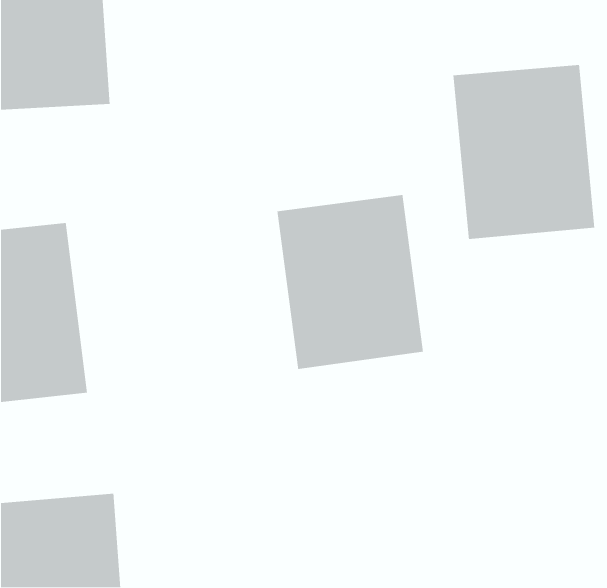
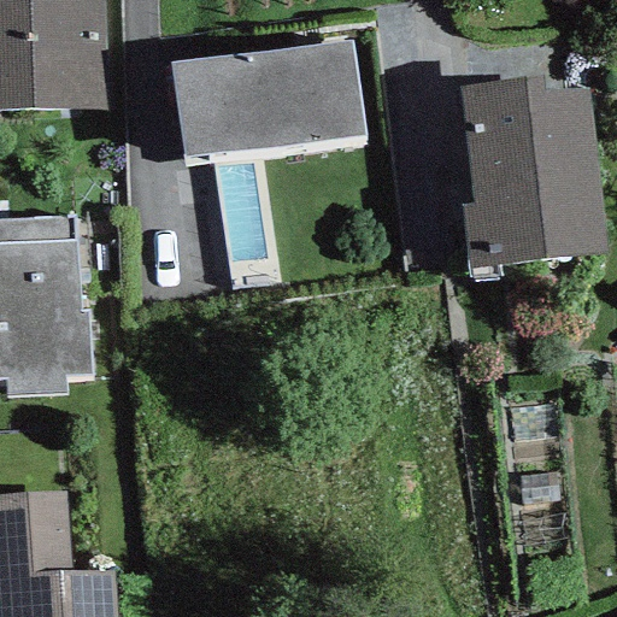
building: none -> [166,46,359,161]
building: [277,194,424,370] -> none

